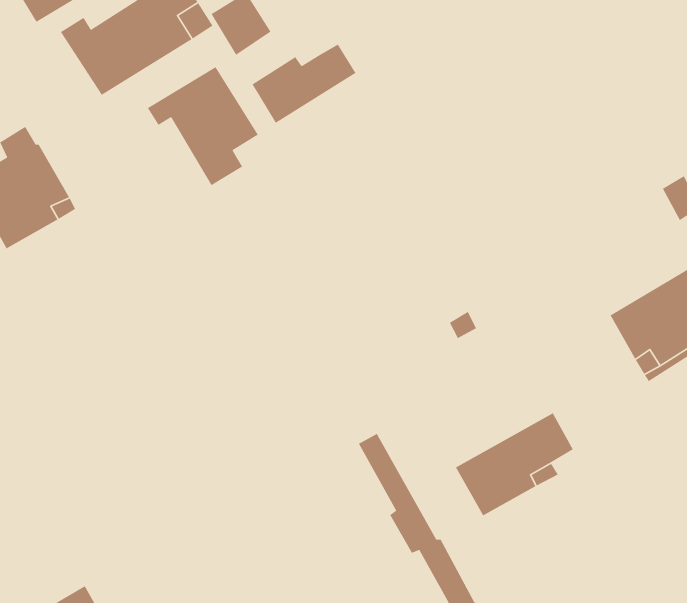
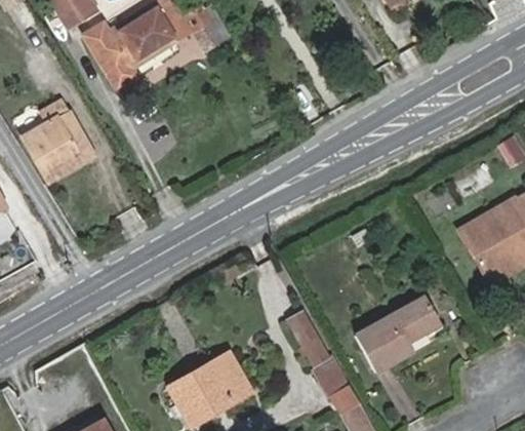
building: [251,43,357,124] -> none
building: [147,66,259,186] -> none
building: none -> [169,352,250,424]

